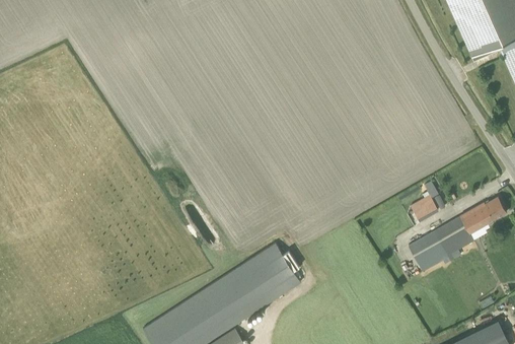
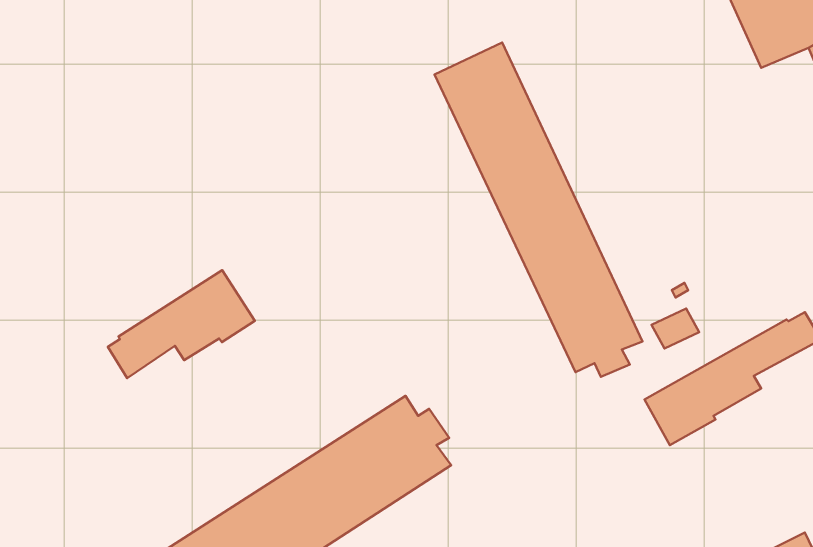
building: none -> [434,43,642,377]
building: none -> [108,270,255,378]

